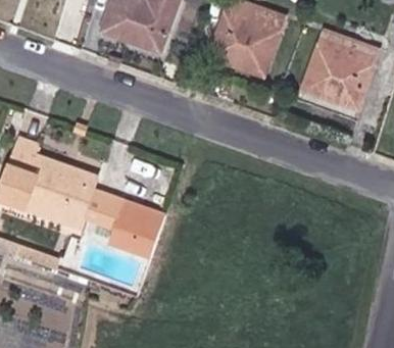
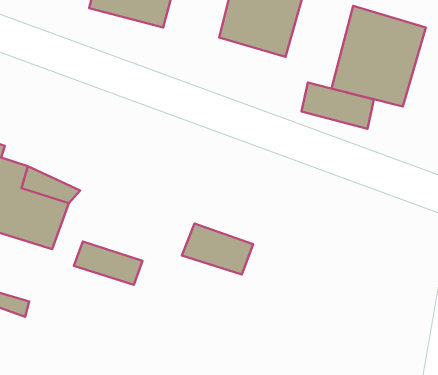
building: none -> [301,82,374,129]
building: [104,196,161,237] -> [182,224,253,275]

